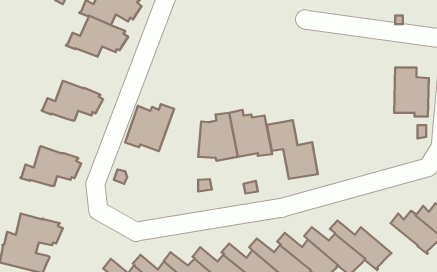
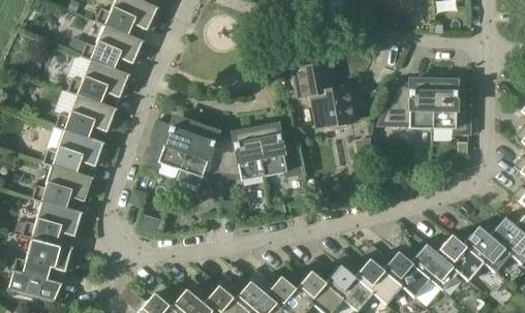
building: none -> [66,56,133,104]
building: none -> [379,81,434,130]
building: none -> [177,126,225,189]
building: none -> [42,131,107,174]
building: [267,120,318,179] -> [298,64,352,127]
building: none -> [21,202,86,245]
building: none -> [392,239,458,291]

